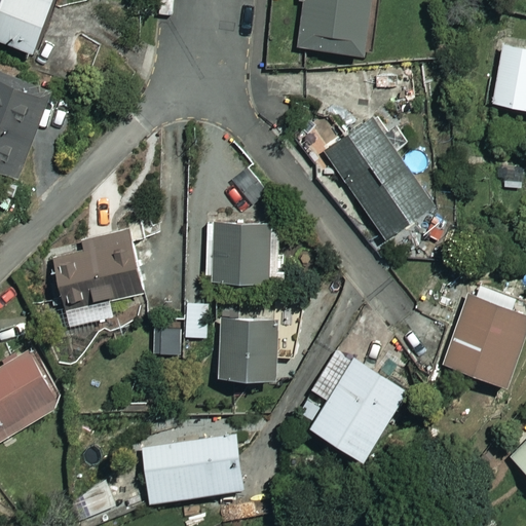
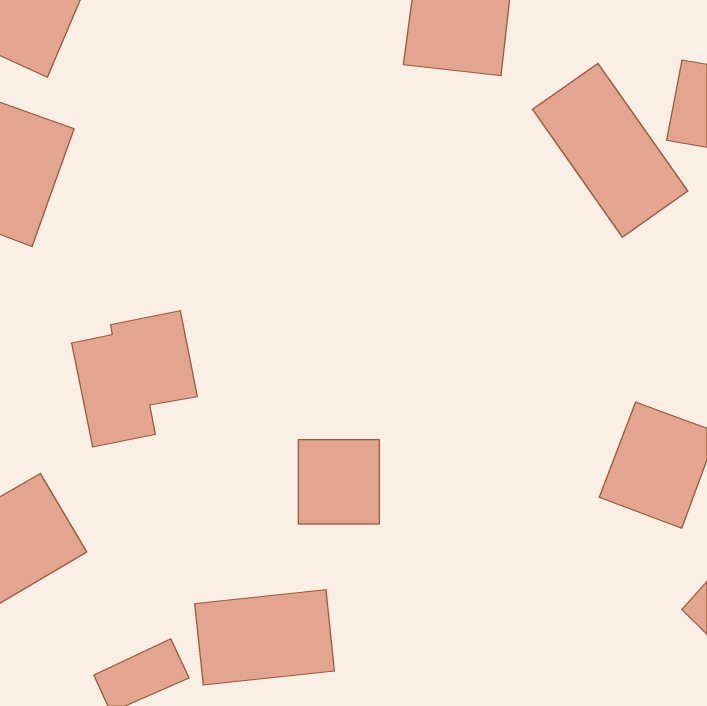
building: [323,115,437,242] -> [532,63,688,237]
building: [204,224,276,286] -> none
building: [298,347,410,464] -> none

